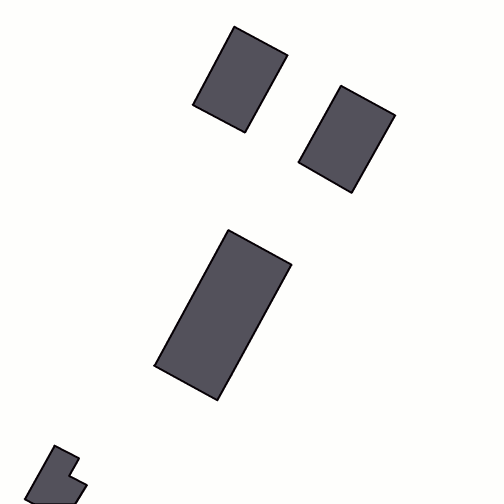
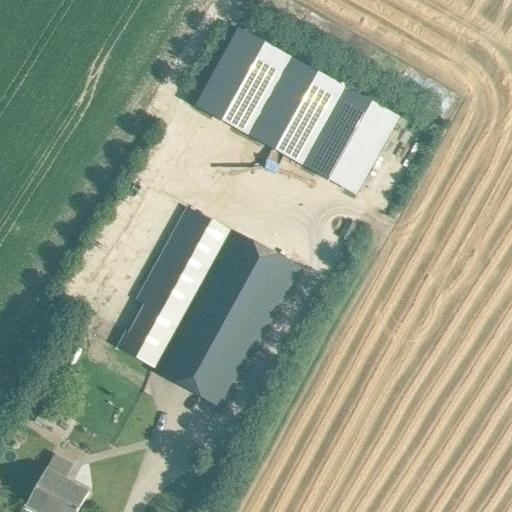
building: none -> [248,56,345,164]
building: none -> [120,208,231,369]

